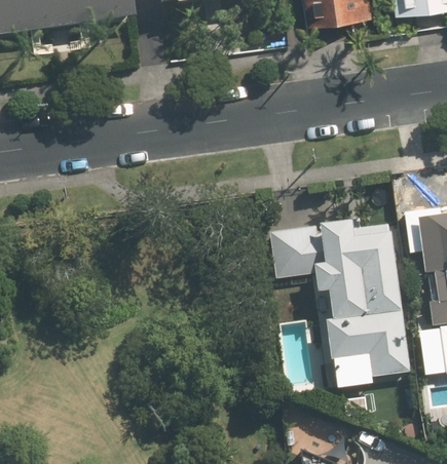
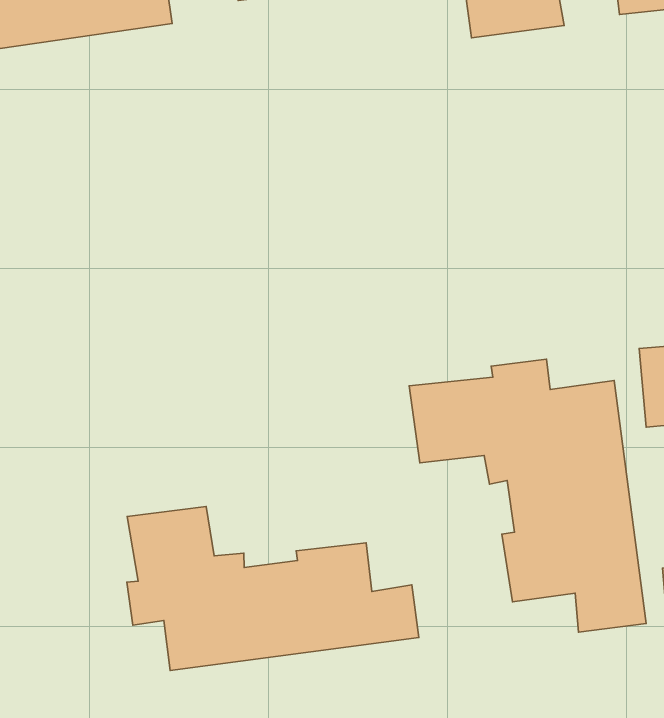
building: none -> [127,506,419,671]

